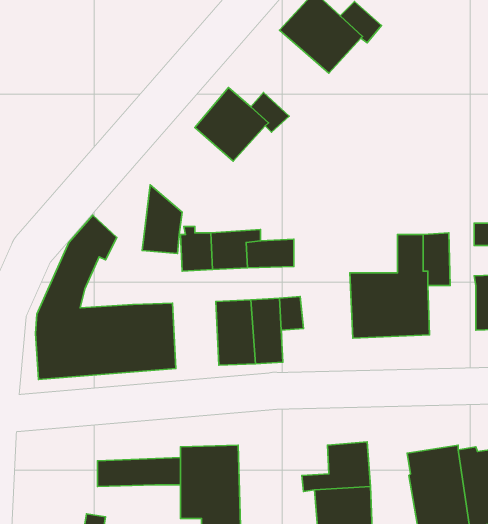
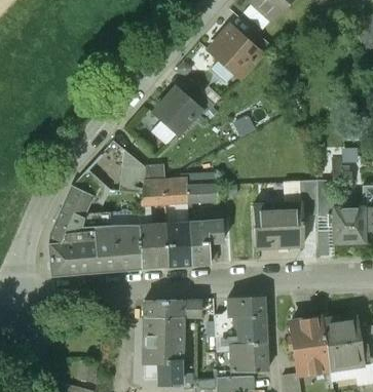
building: none -> [139,225,169,268]
building: none -> [214,298,264,338]
building: [98,458,181,486] -> [144,300,197,318]

